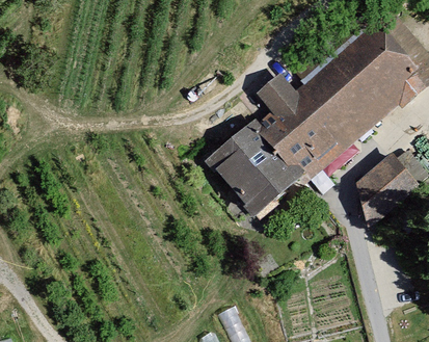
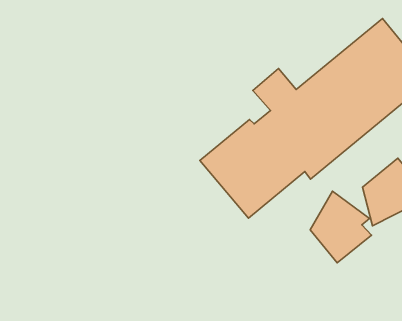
building: none -> [310,191,371,263]

